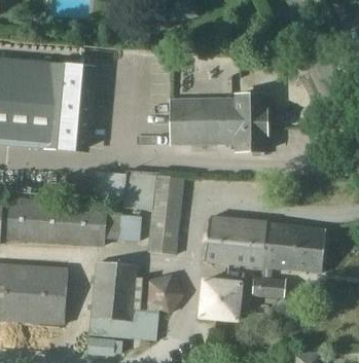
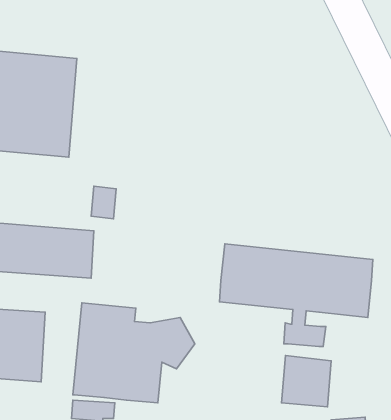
building: [171,94,267,155] -> none
building: [122,170,184,254] -> none
building: [117,214,140,242] -> none
building: [202,279,241,319] -> [281,356,331,407]

